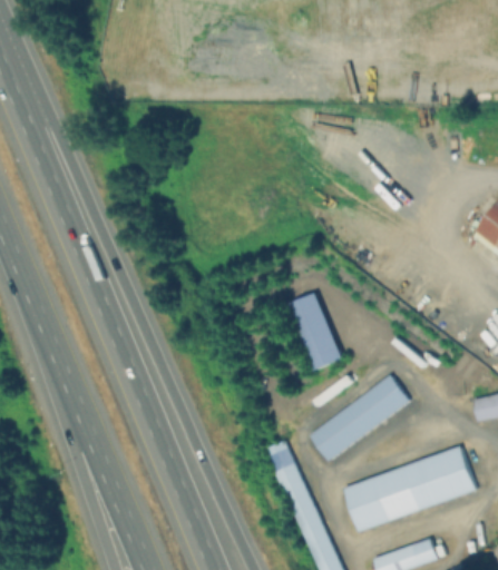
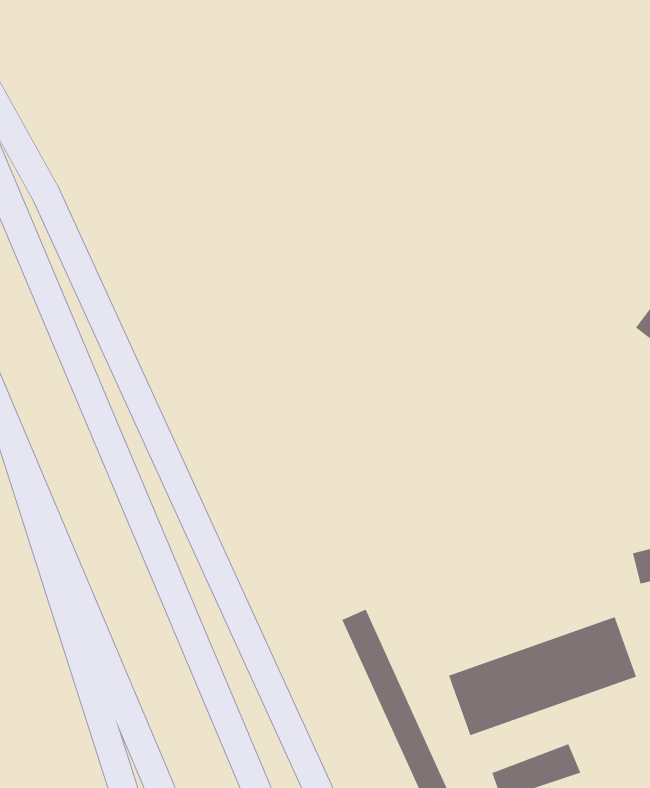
building: [286,293,341,368] -> none
building: [312,375,409,460] -> none

